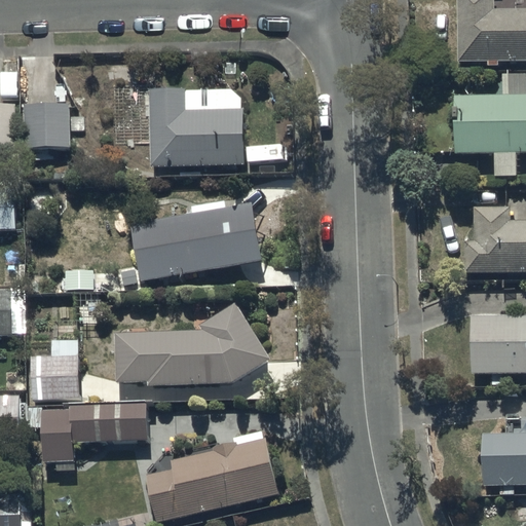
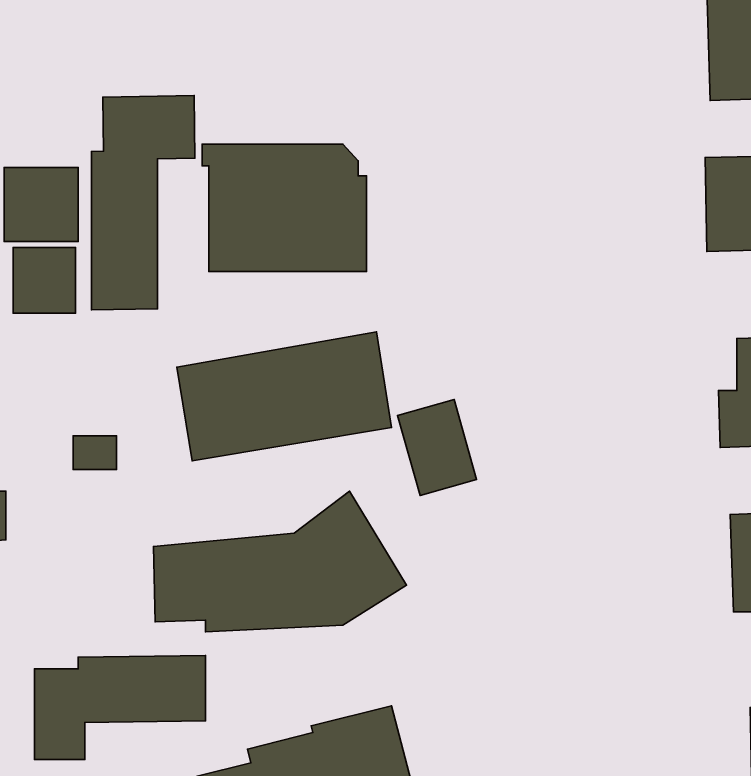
building: none -> [92,96,195,310]
building: none -> [13,248,76,313]
building: none -> [398,400,477,495]
building: [32,338,80,400] -> none

